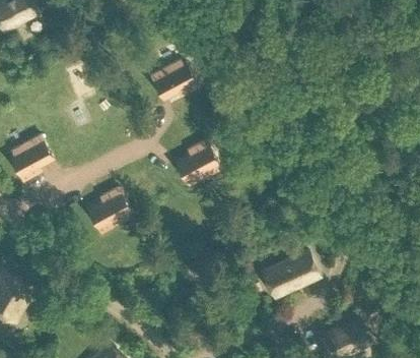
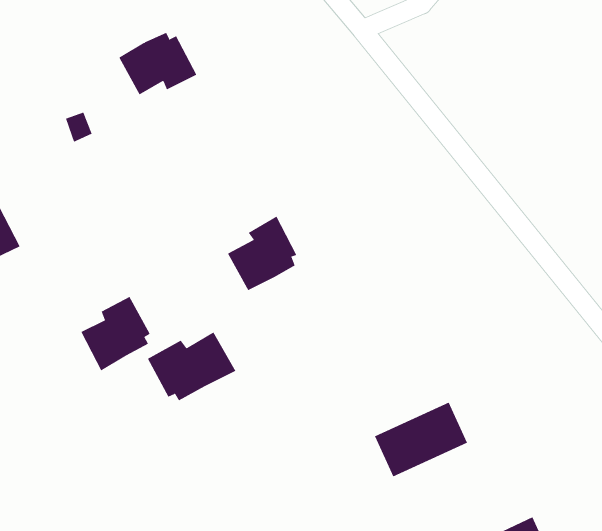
building: [151,62,198,100] -> [119,32,197,95]
building: none -> [147,331,236,401]

